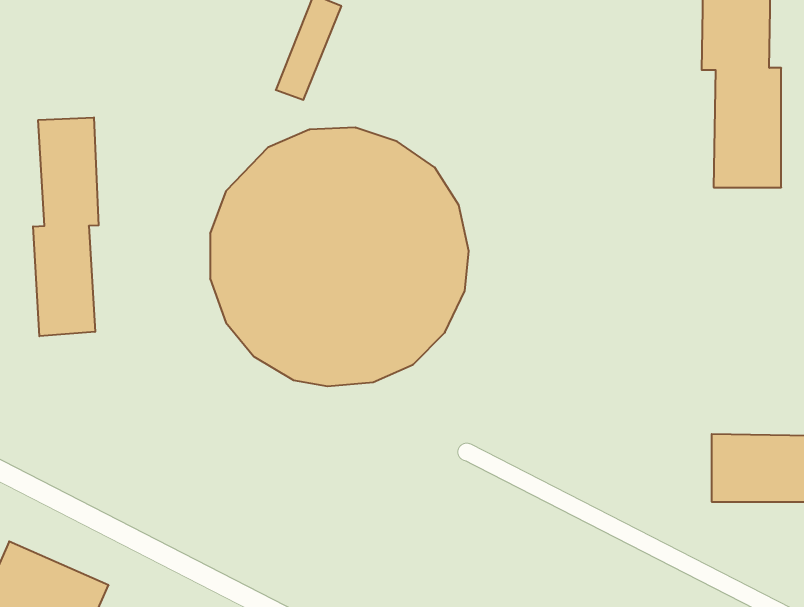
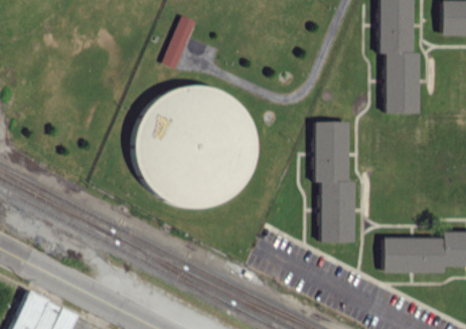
building: [33,117,99,336] -> none
building: none -> [314,121,354,242]

